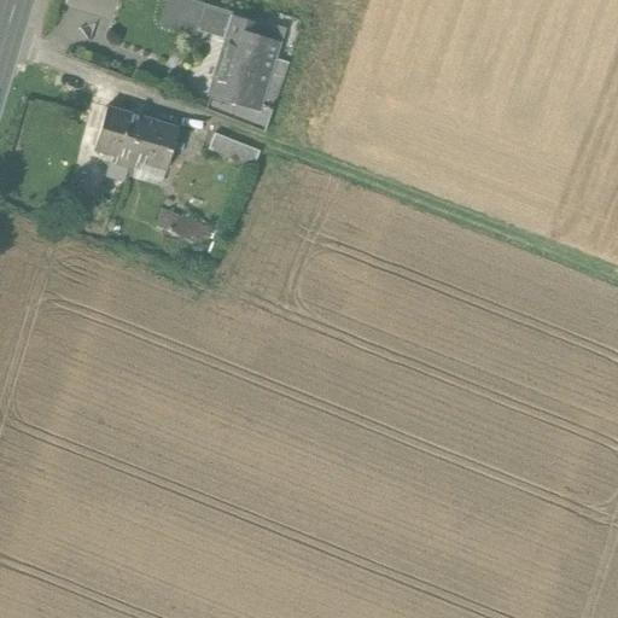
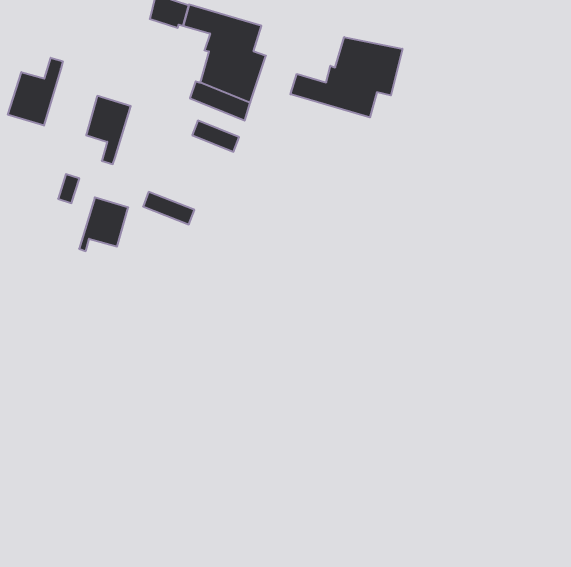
building: none -> [290,37,402,117]
building: none -> [8,58,63,126]
building: [124,115,177,173] -> [79,197,128,251]

